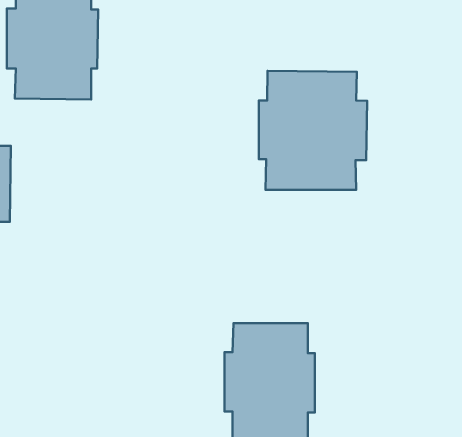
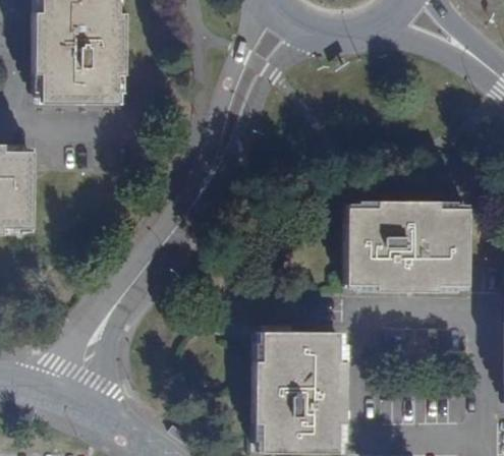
building: [259,71,367,190] -> none
building: none -> [346,201,468,292]

